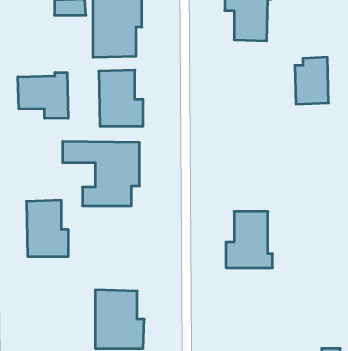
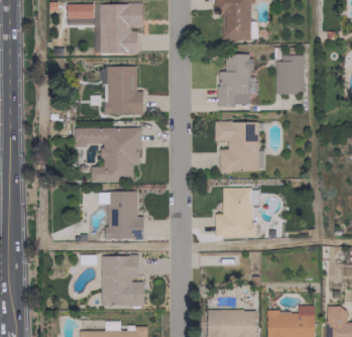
building: none -> [218,54,251,106]
building: [18,72,68,118] -> none
building: none -> [214,122,264,171]
building: [26,200,68,256] -> [107,191,143,239]

